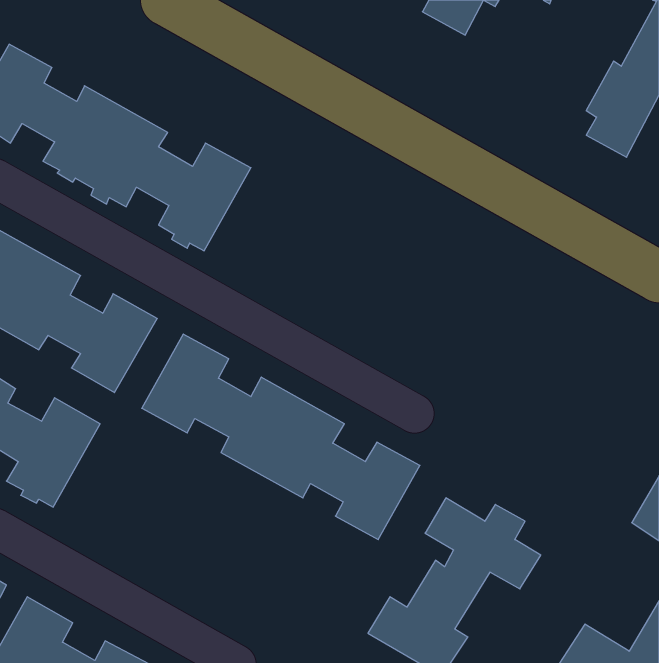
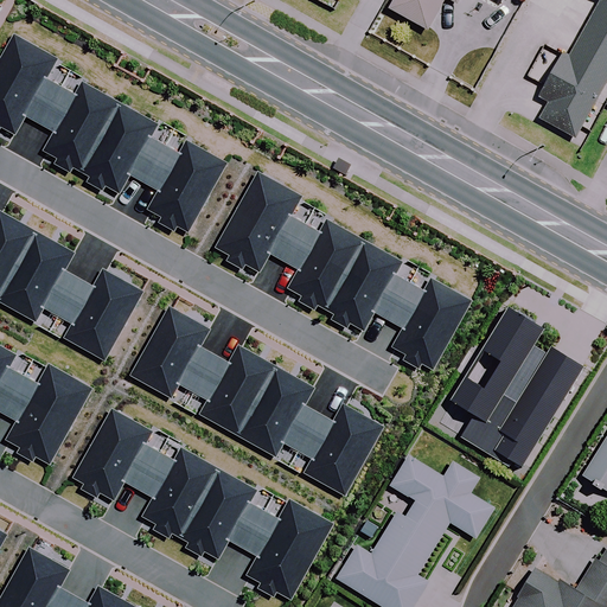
building: none -> [217,171,473,369]
building: none -> [452,304,584,469]
building: none -> [74,409,332,598]

